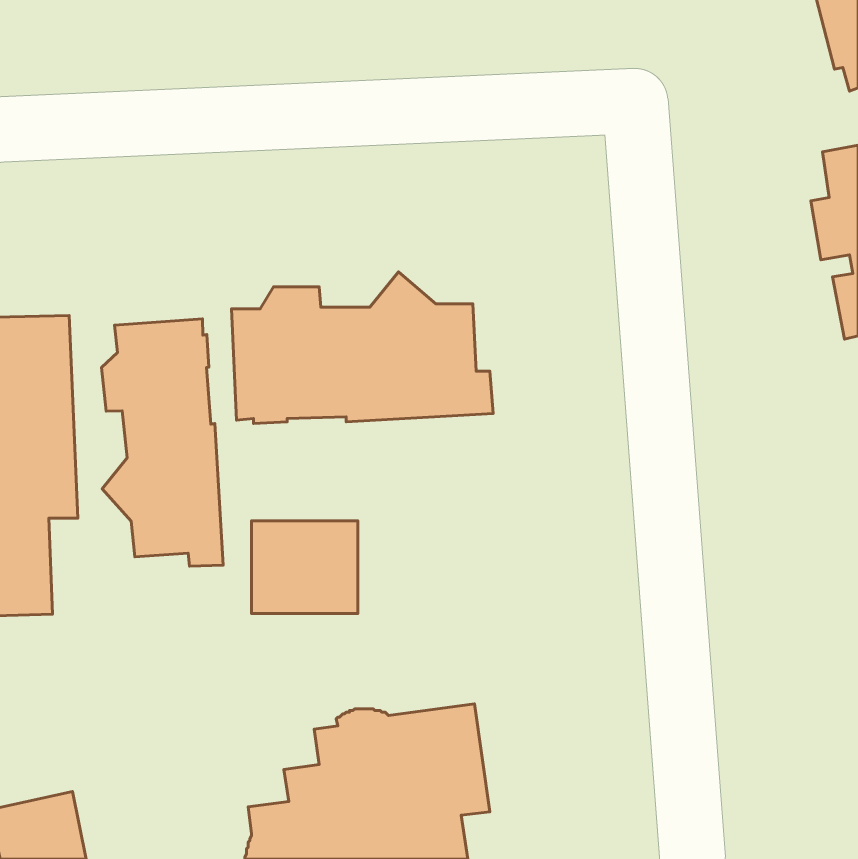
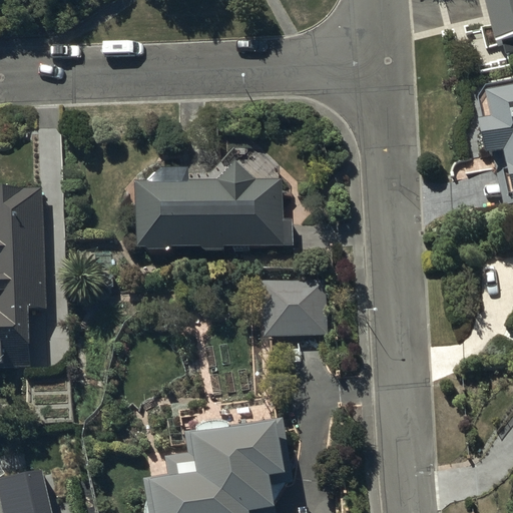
building: [102,319,223,566] -> none
building: [251,521,358,614] -> [263,280,326,335]

